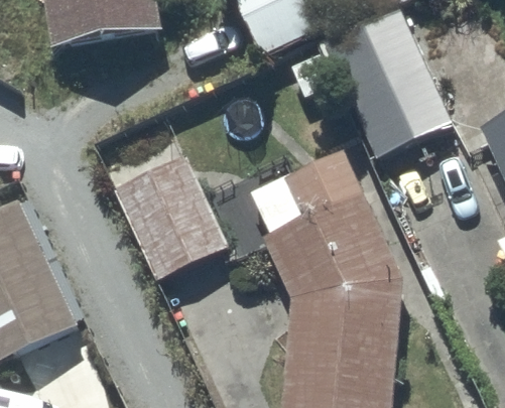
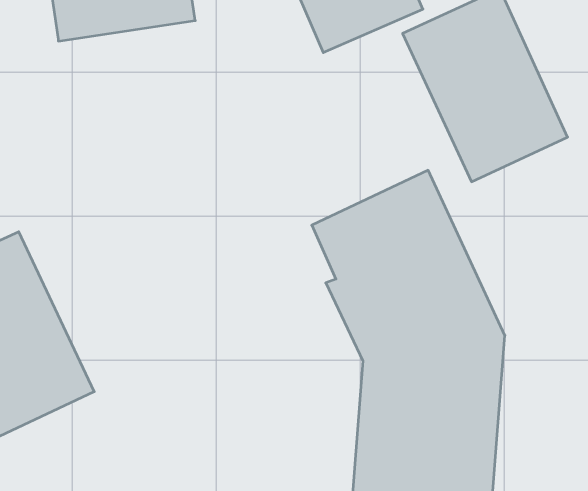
building: [110,148,228,279] -> none

